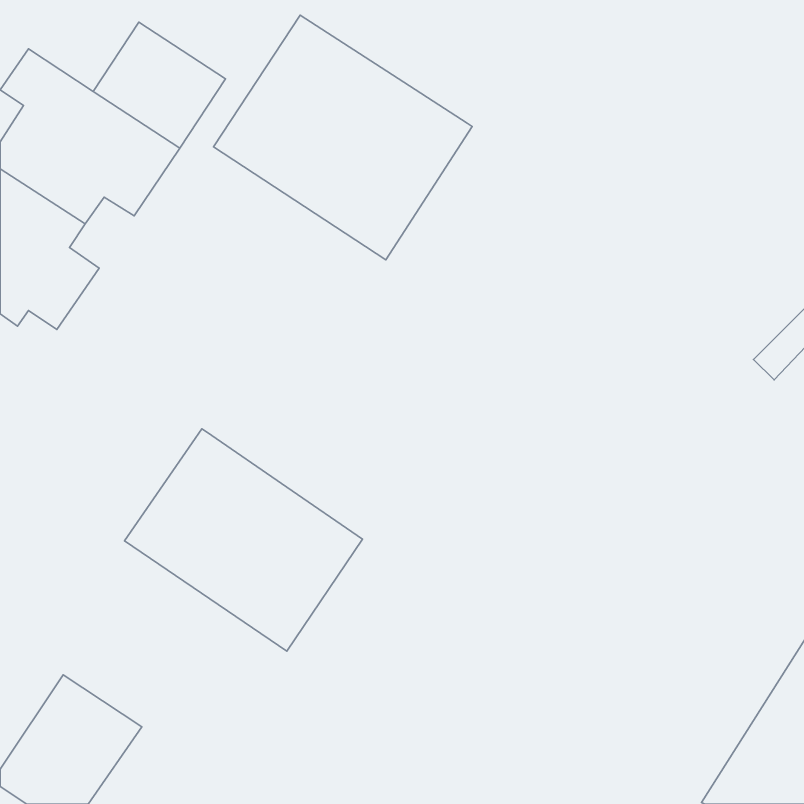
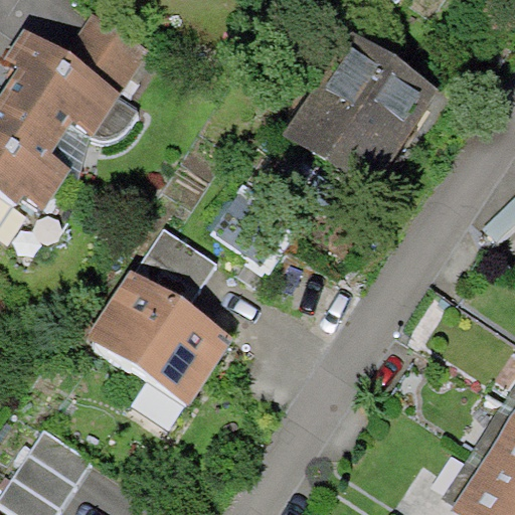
building: [213,15,472,260] -> none
building: none -> [284,32,437,189]
building: none -> [133,230,216,311]

